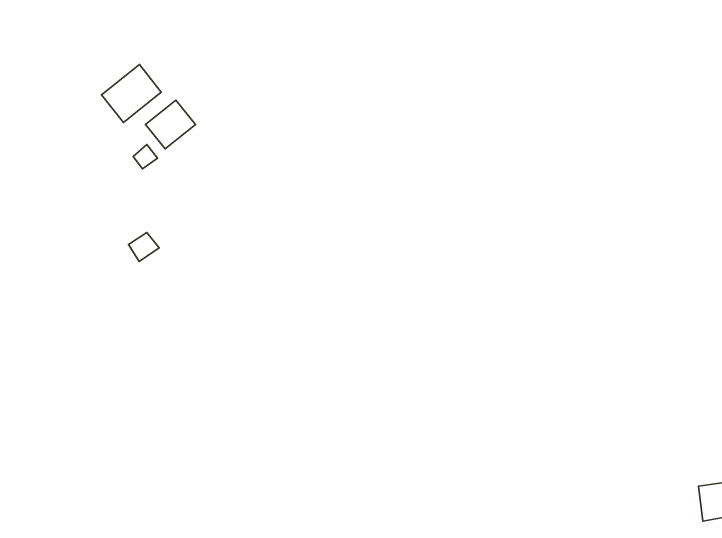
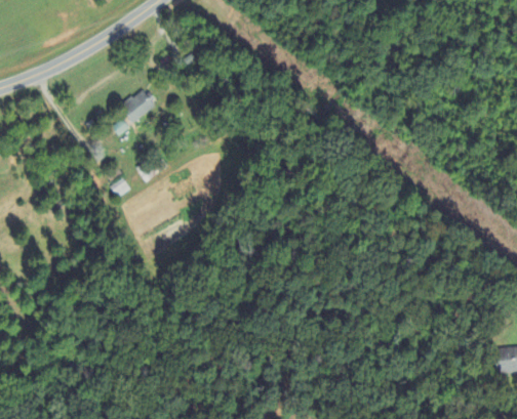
building: [102,64,161,123] -> none

